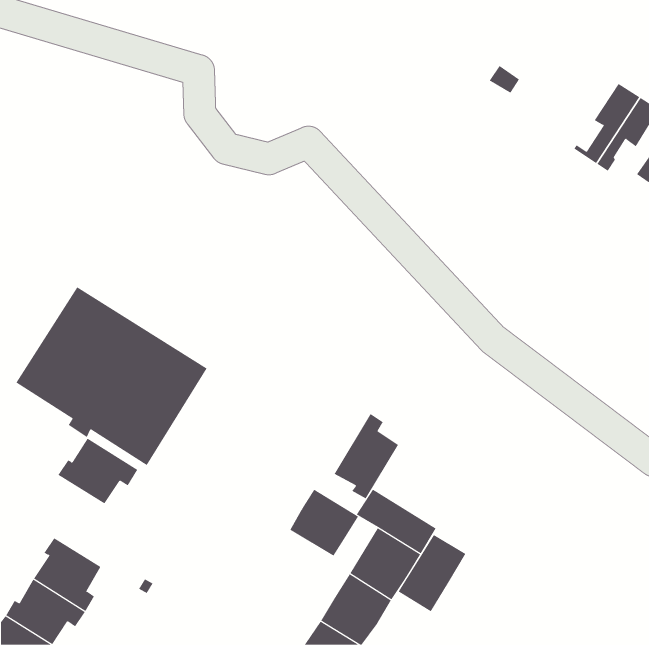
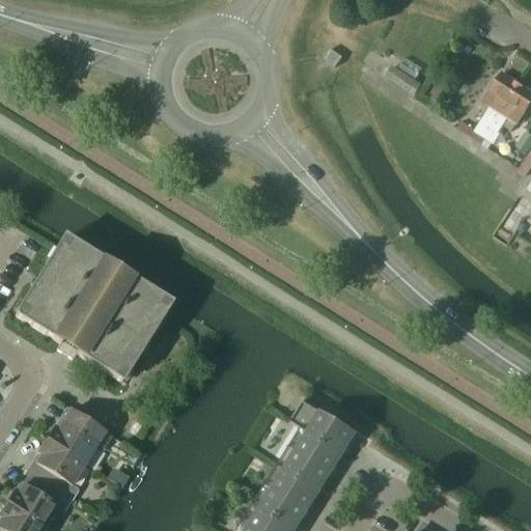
building: [334,413,399,499] -> none
building: [58,438,138,504] -> [48,406,113,459]
building: [290,489,359,557] -> none
building: [398,534,466,612] -> none

